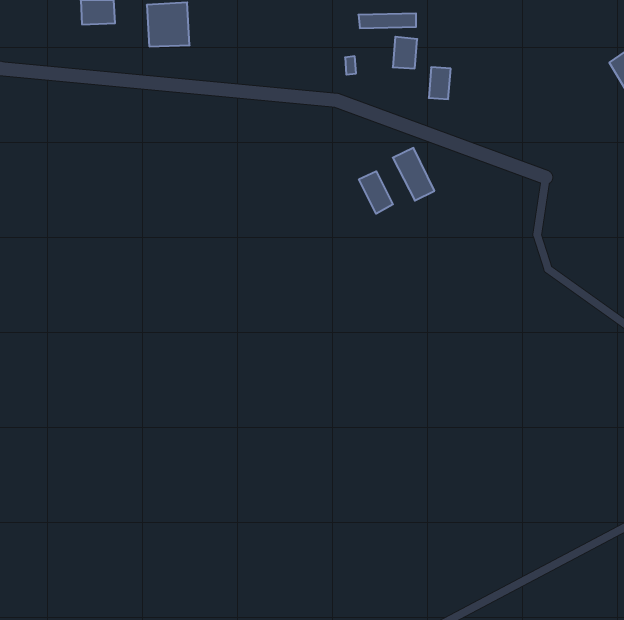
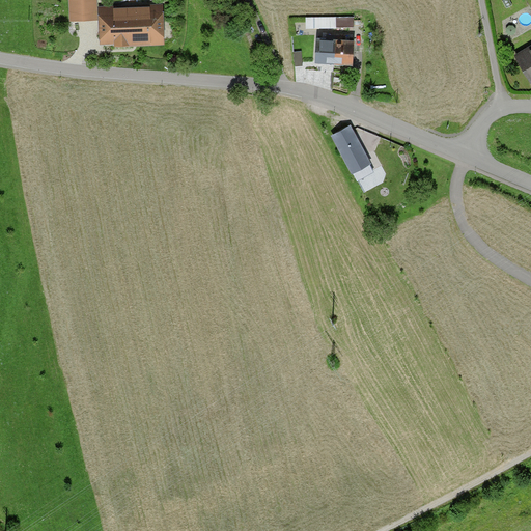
building: none -> [101,8,128,45]
building: [429,67,451,99] -> [317,34,336,61]
building: [359,171,393,214] -> none

